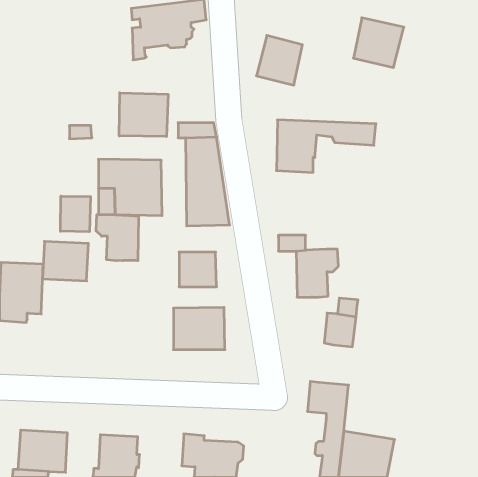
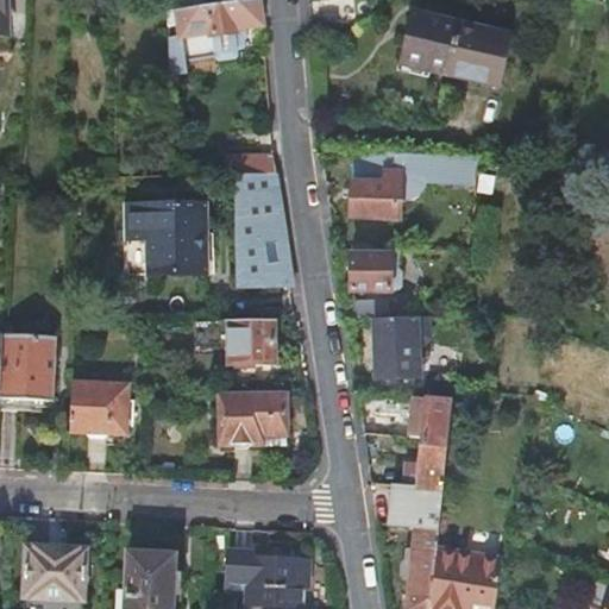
building: [256,35,302,85] -> [401,11,459,74]
building: [119,93,168,137] -> none
building: [60,196,91,232] -> none
building: none -> [351,250,422,291]
building: [96,215,139,261] -> none
building: [43,241,88,281] -> [68,381,126,431]
building: none -> [404,438,447,489]

